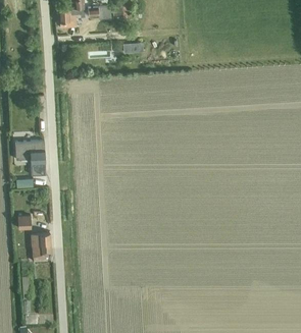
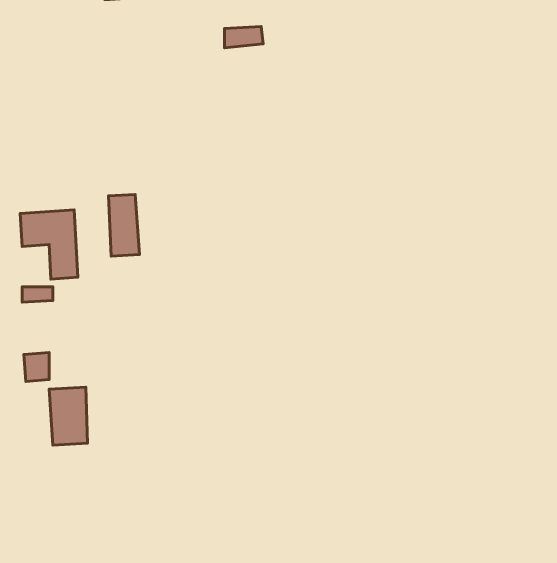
building: none -> [108,194,139,256]

